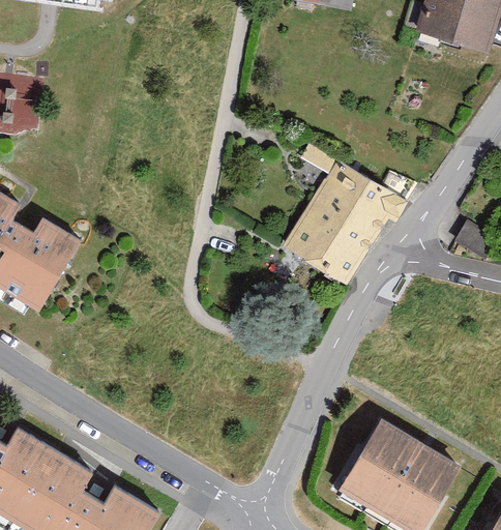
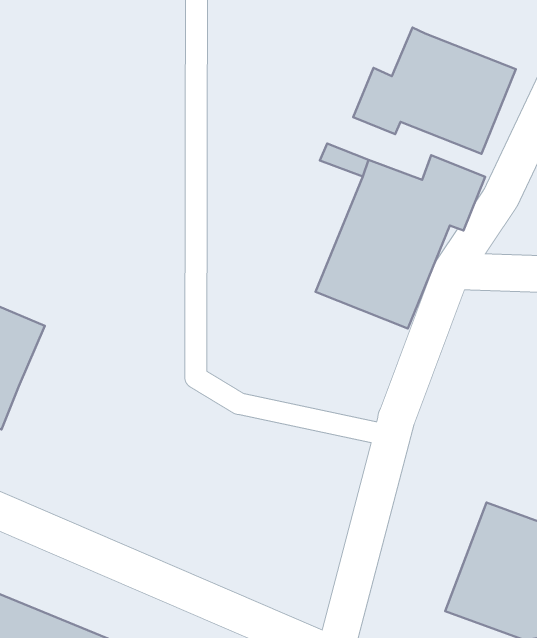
building: none -> [353,28,516,154]

